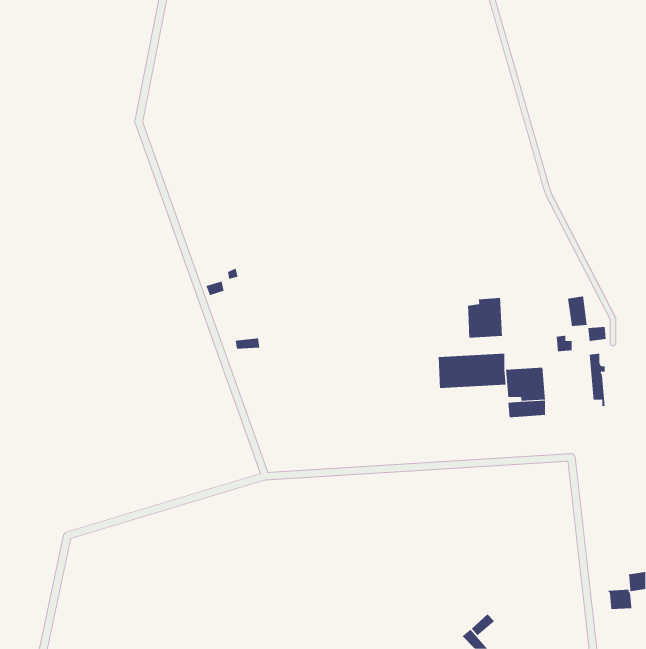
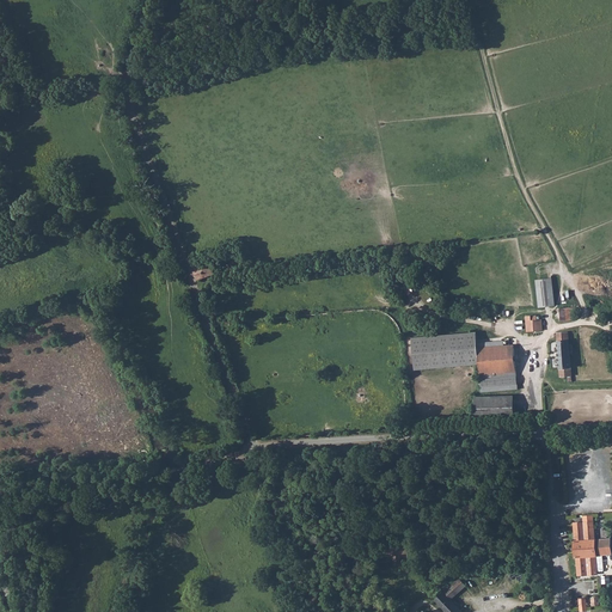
building: [468,297,503,338] -> none
building: none -> [476,396,513,420]
building: none -> [570,522,593,556]

